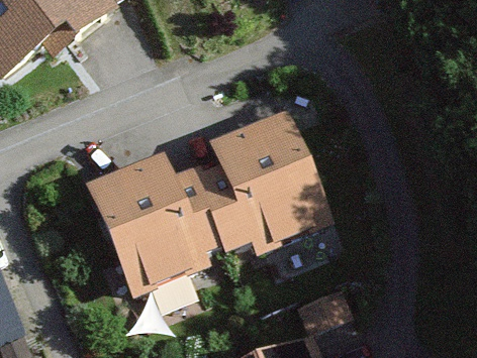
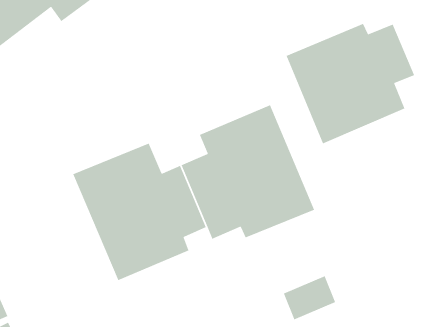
building: none -> [286,23,415,144]

